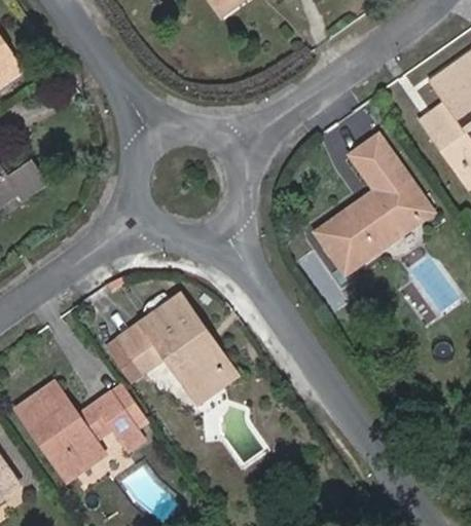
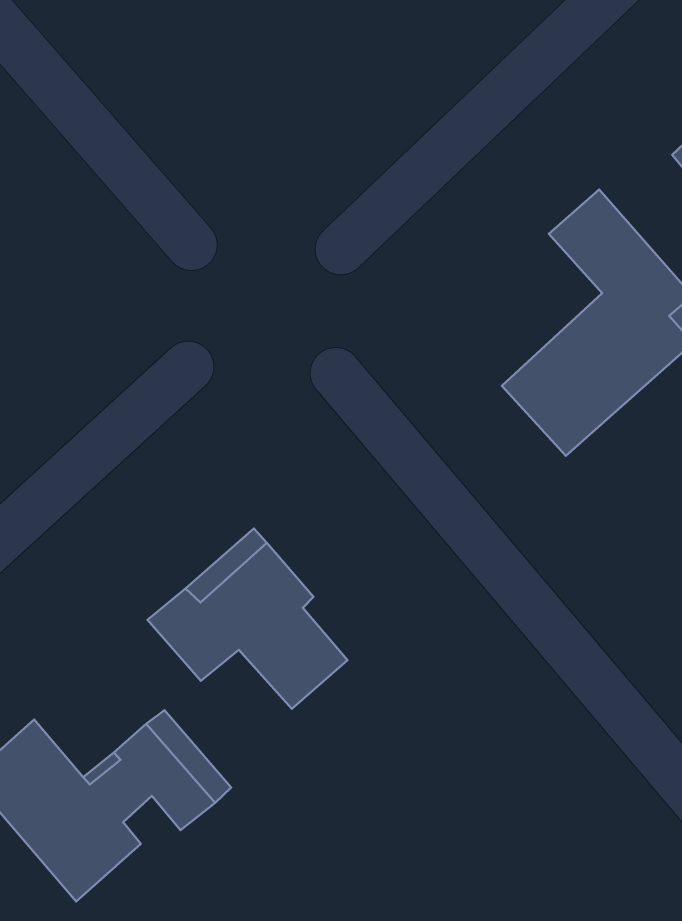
building: [189,333,237,402] -> none

